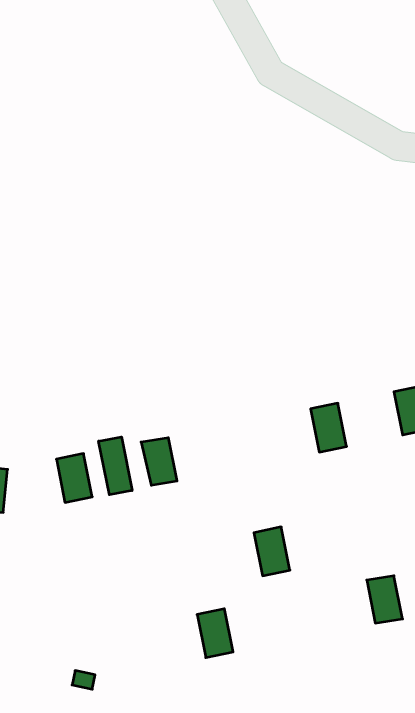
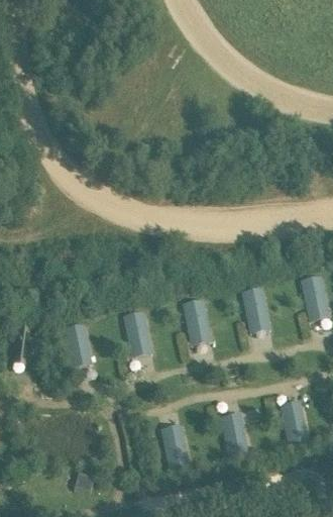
building: none -> [184,300,209,334]
building: [99,437,132,495] -> none
building: [254,527,290,576] -> [223,420,248,454]

